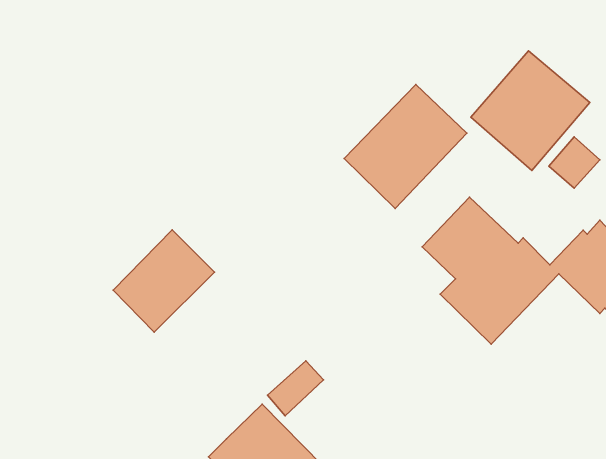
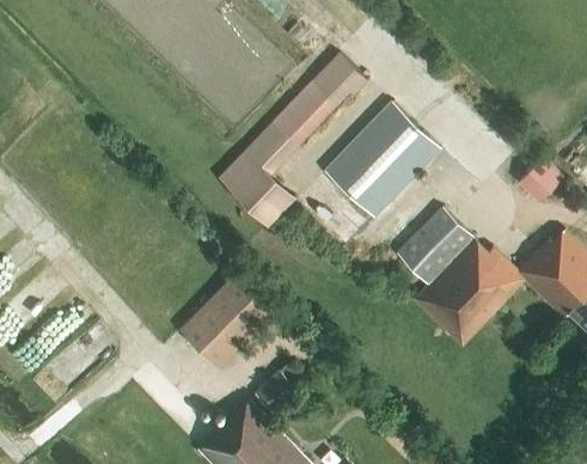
building: none -> [218,54,367,226]
building: [471,51,590,170] -> none
building: [113,230,214,332] -> [178,273,273,368]

